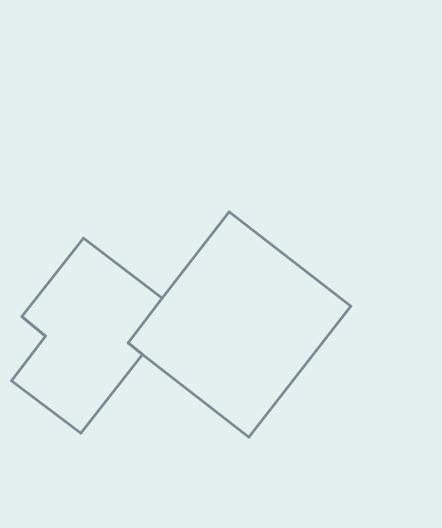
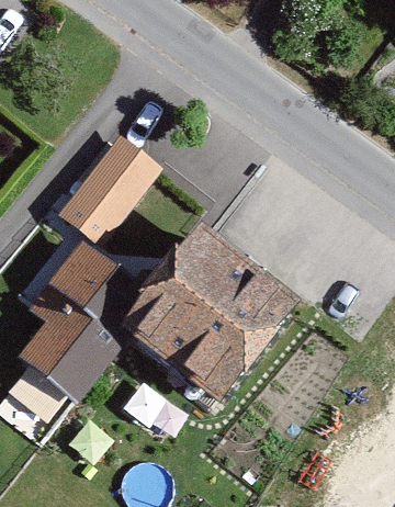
building: none -> [59,135,159,244]

